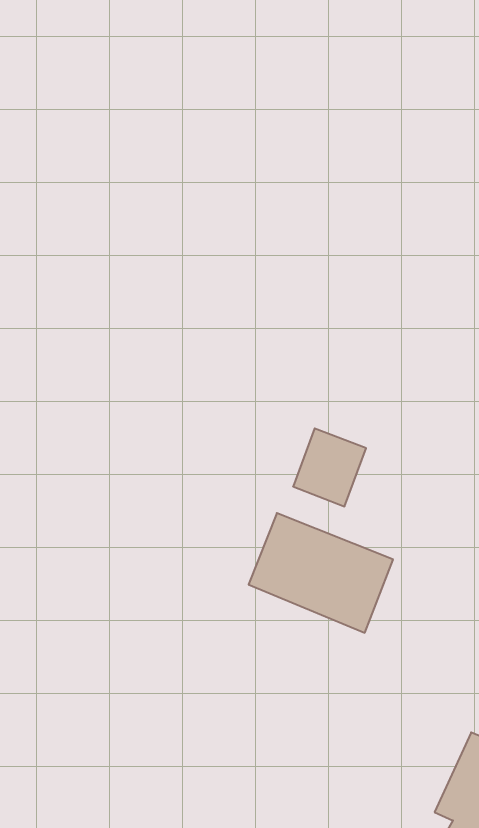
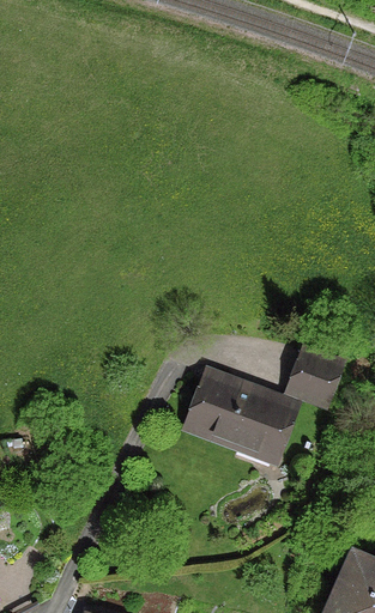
building: [293,428,366,506] -> [285,350,338,406]

